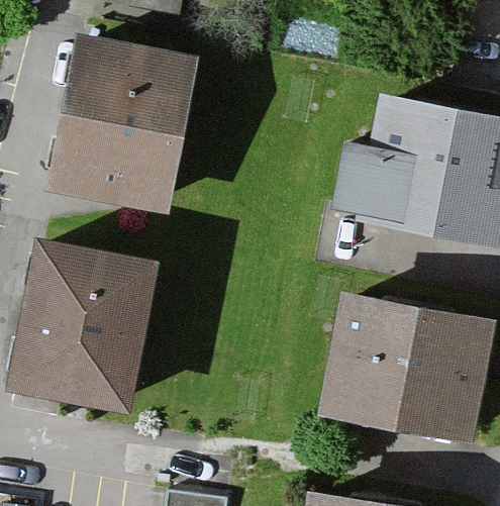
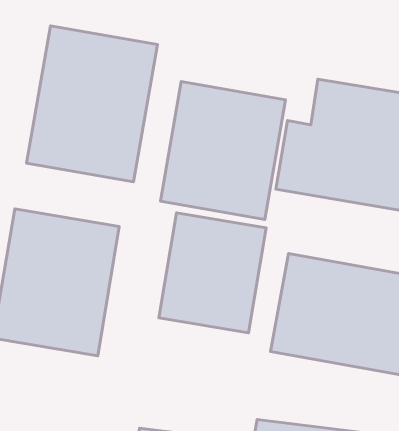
building: none -> [160,82,286,220]
building: none -> [159,213,266,333]

